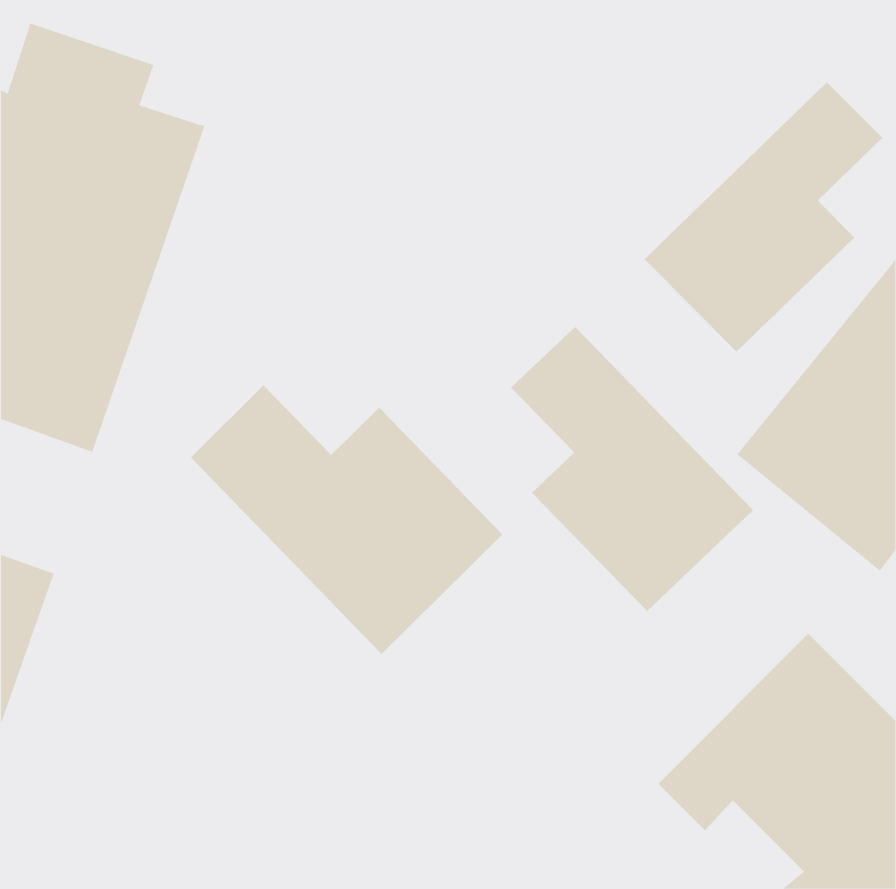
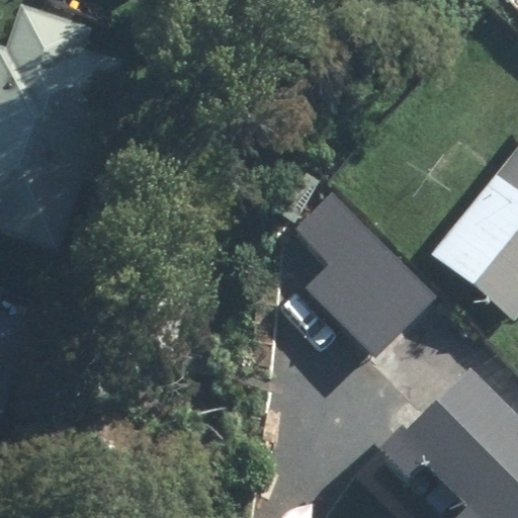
building: [644,81,883,352] -> none
building: [190,384,503,655] -> none

